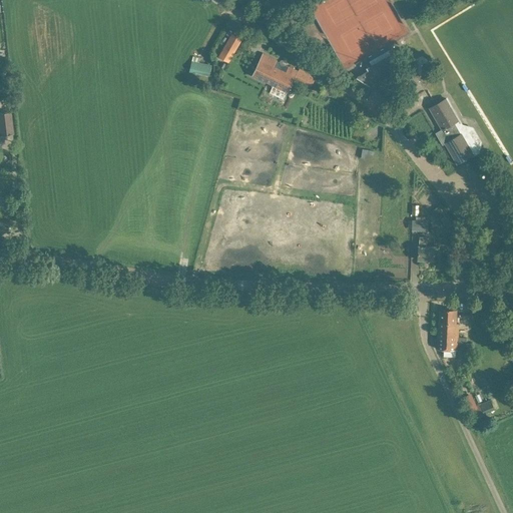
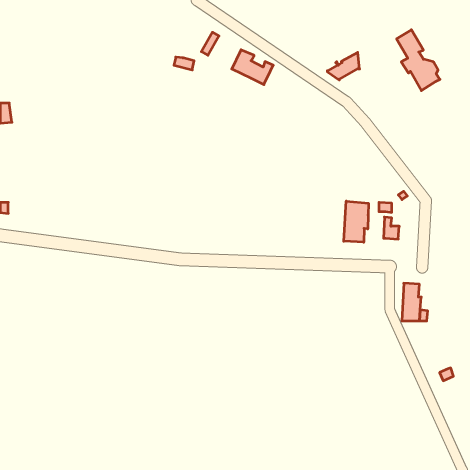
building: [430,98,477,164] -> [397,30,440,91]
building: none -> [344,201,368,242]

